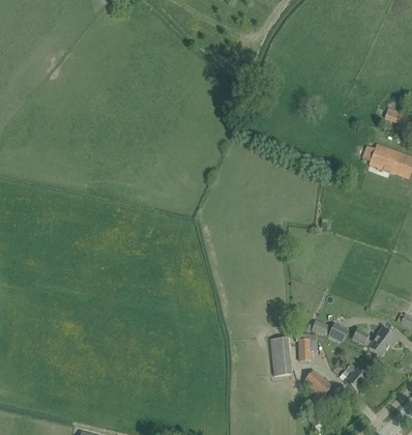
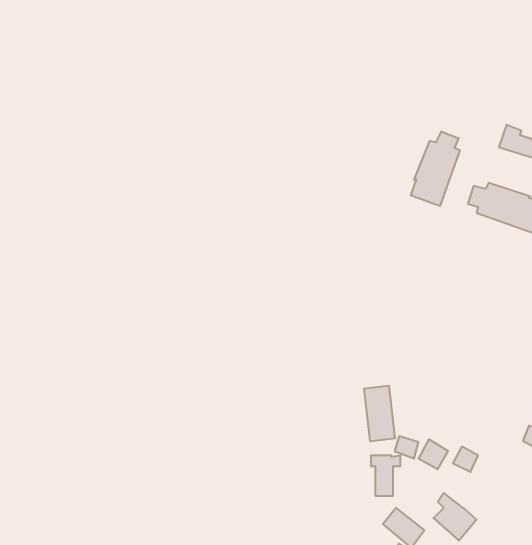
building: none -> [411,131,460,206]
building: [369,329,396,358] -> none
building: [270,338,292,376] -> [364,386,395,441]

